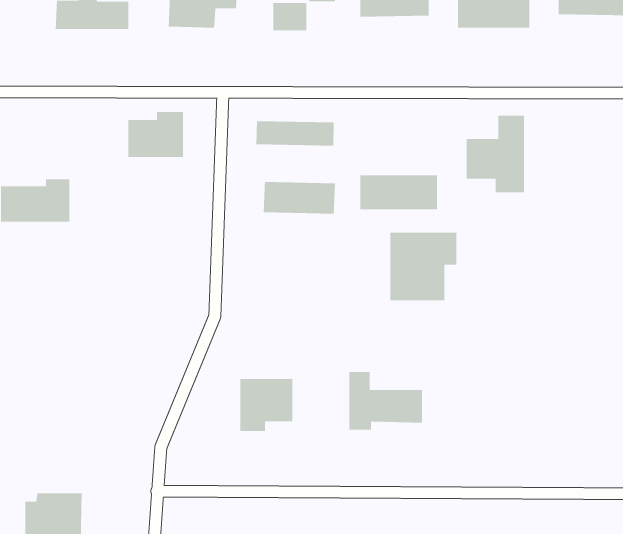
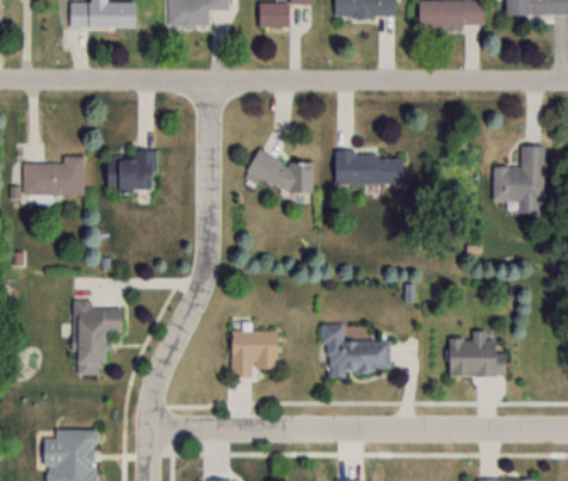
building: [127,111,184,158] -> [107,152,156,192]
building: [466,115,525,193] -> [493,147,544,215]
building: [256,120,335,146] -> none
building: [390,232,457,301] -> none
building: none -> [73,300,122,375]
building: none -> [447,331,505,375]

